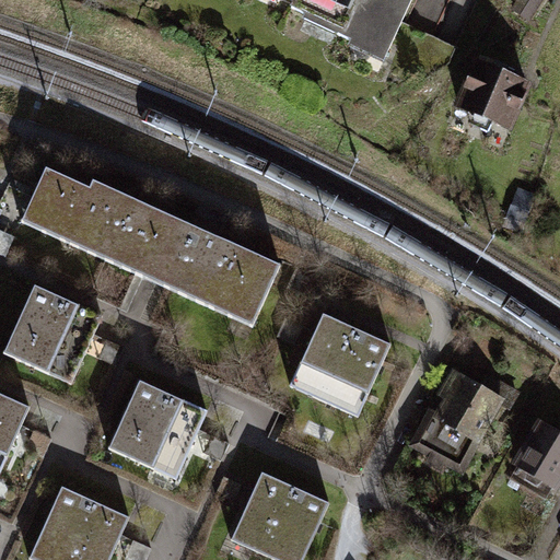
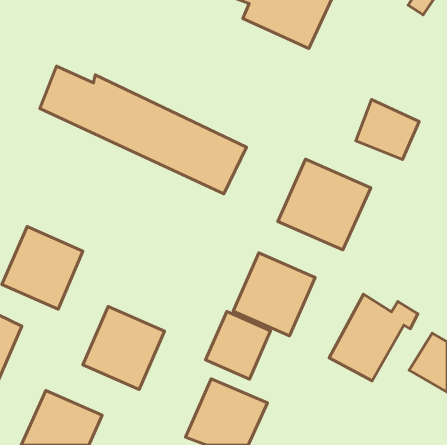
building: [455,55,534,129] -> [356,100,419,160]
building: [25,167,282,326] -> [40,66,247,194]
building: none -> [278,159,371,250]
building: none -> [206,312,271,379]

